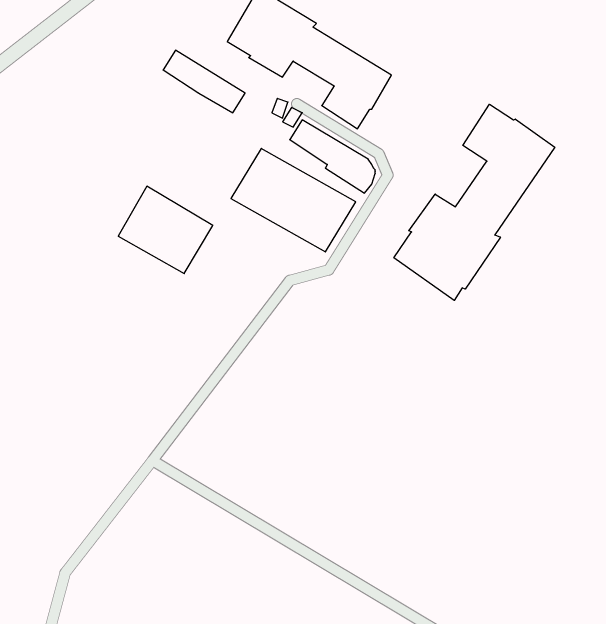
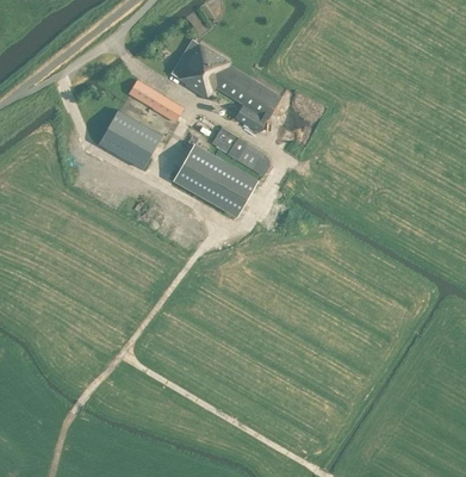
building: [394,104,555,300] -> none
building: [118,186,213,274] -> [98,110,161,168]

